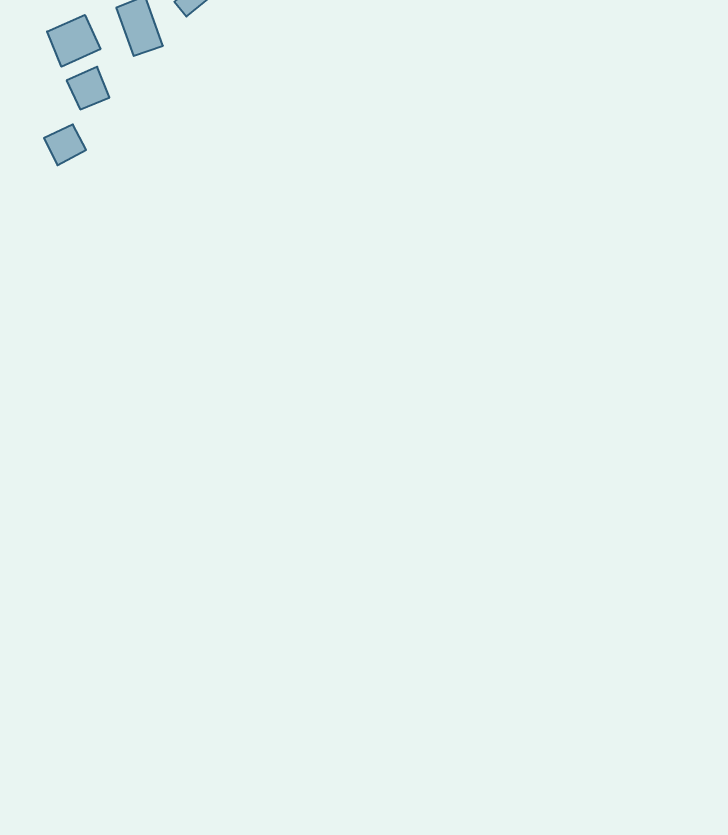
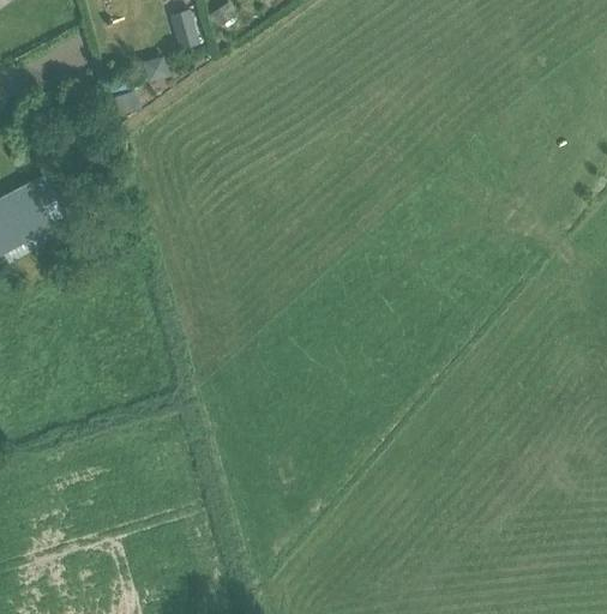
building: [47,15,100,67] -> none

